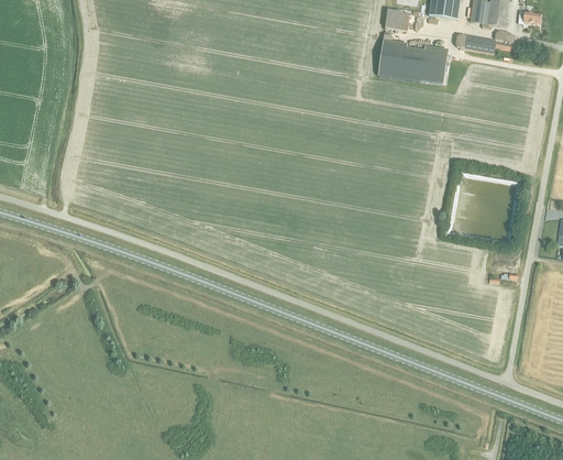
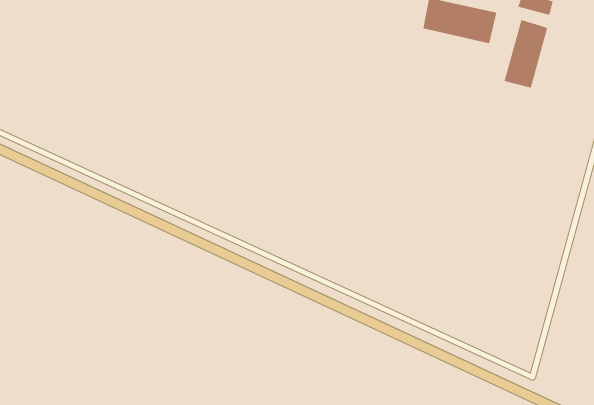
building: none -> [504,19,548,89]

